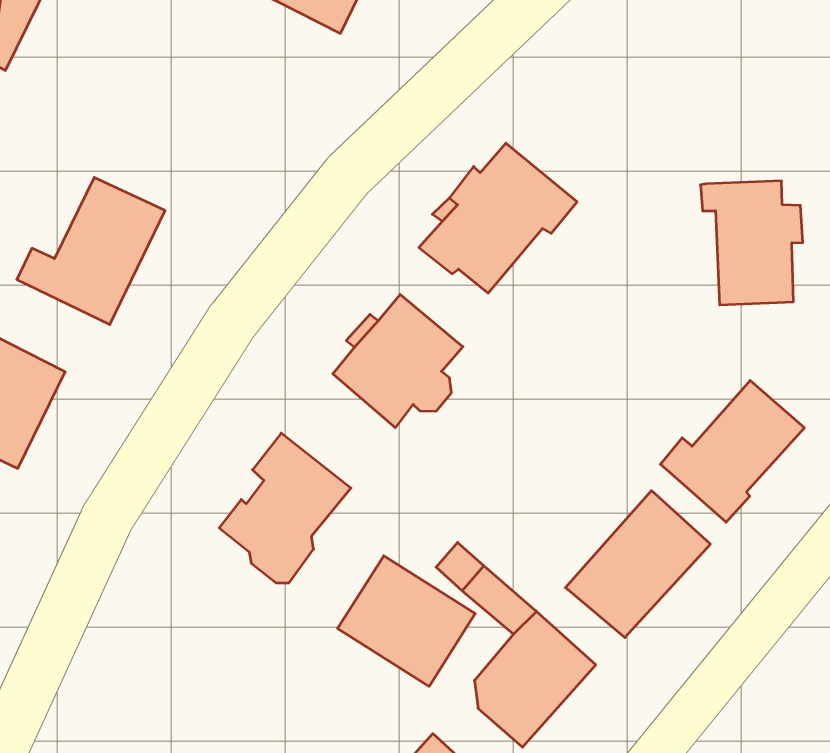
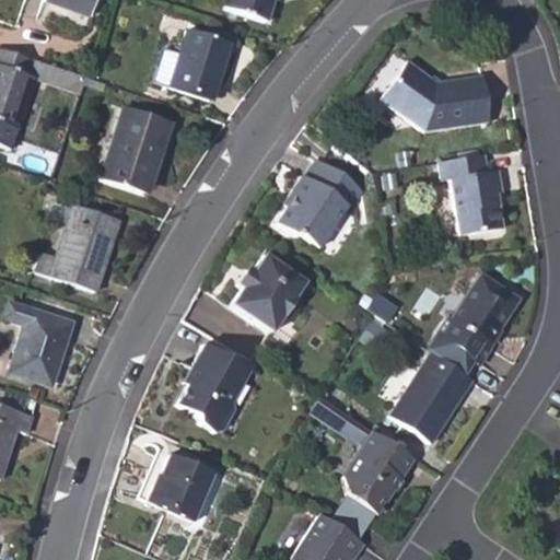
building: none -> [385,69,492,136]
building: none -> [102,107,172,195]
building: [338,556,475,686] -> [140,446,221,521]

